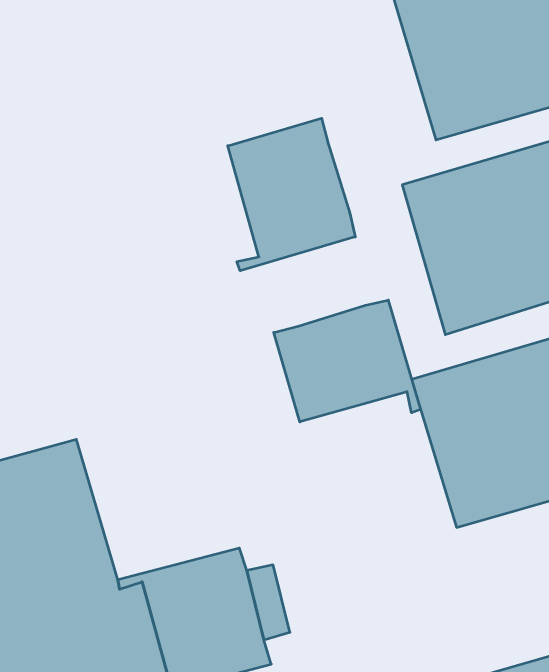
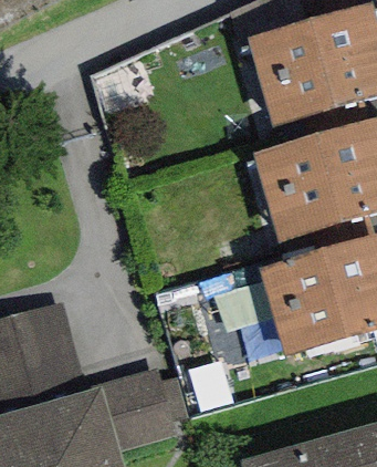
building: [228,118,355,271] -> none
building: [274,300,420,422] -> none

